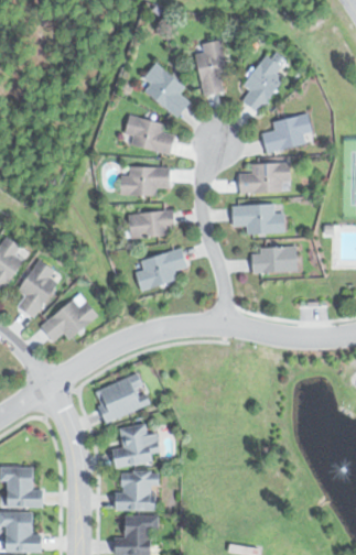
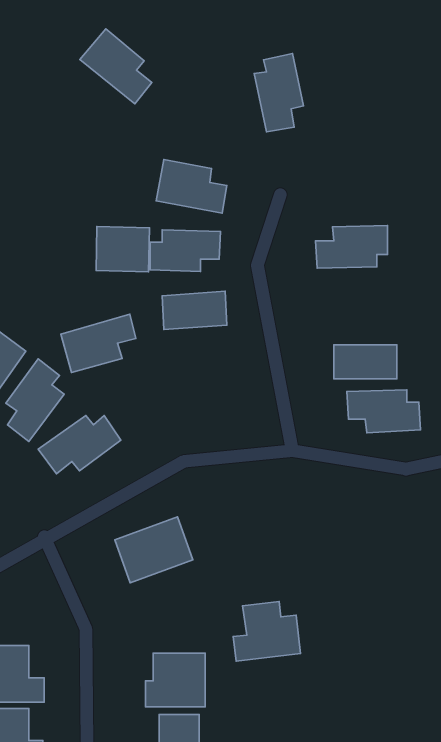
building: [242,54,285,113] -> none
building: [139,64,191,118] -> [80,29,152,104]
building: [263,115,313,153] -> none
building: none -> [96,226,149,272]
building: [233,205,285,236] -> [347,390,420,433]
building: [133,249,187,291] -> [61,314,136,372]
building: [114,422,162,465] -> [233,601,301,661]

